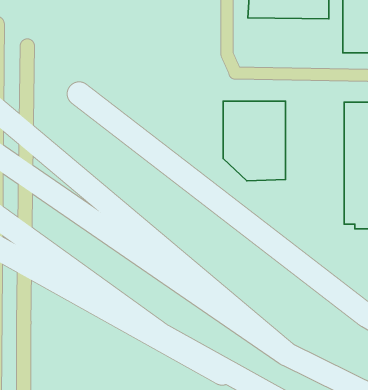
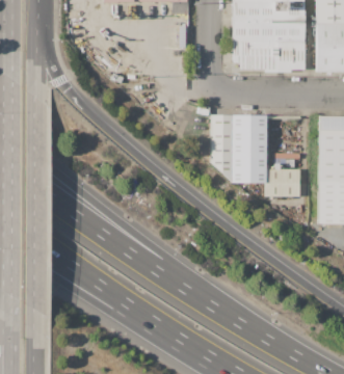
building: none -> [233,41,305,72]
building: none -> [266,168,300,197]

